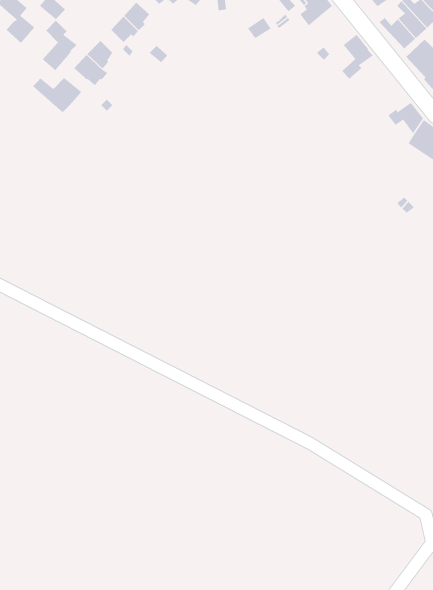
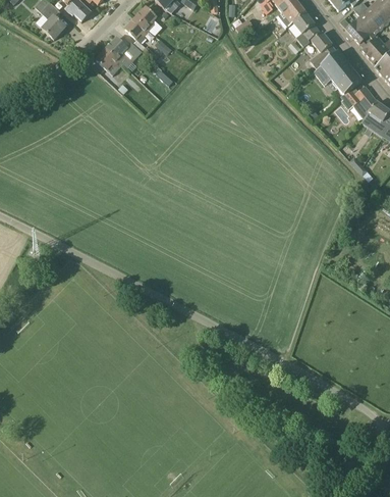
building: none -> [283,9,319,46]
building: [42,20,78,71] -> none
building: none -> [314,49,361,93]
building: [32,77,82,113] -> none

